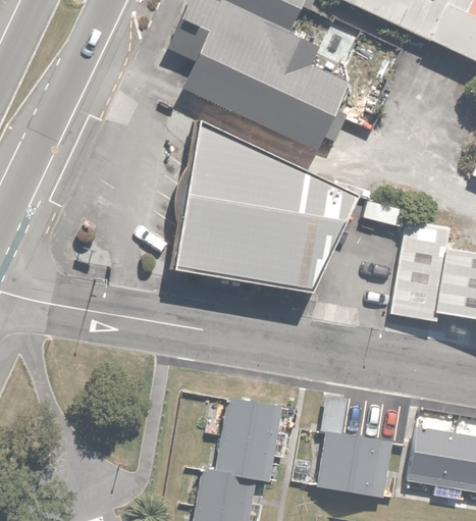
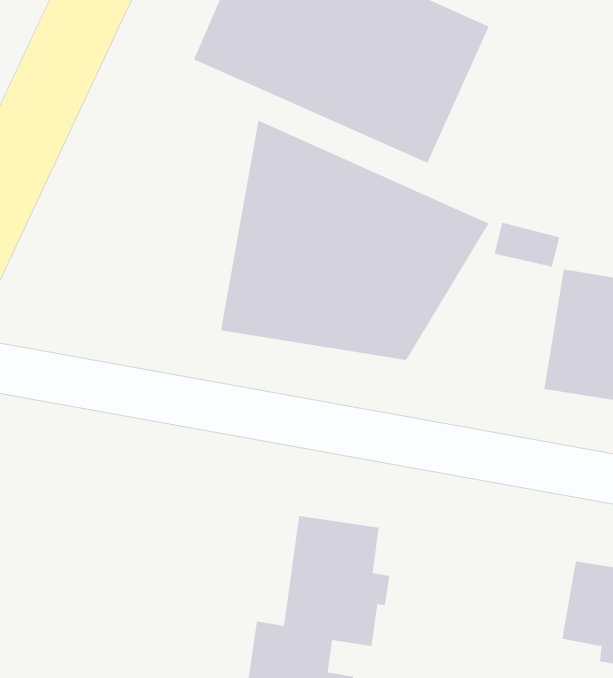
building: [315,396,392,497] -> none

